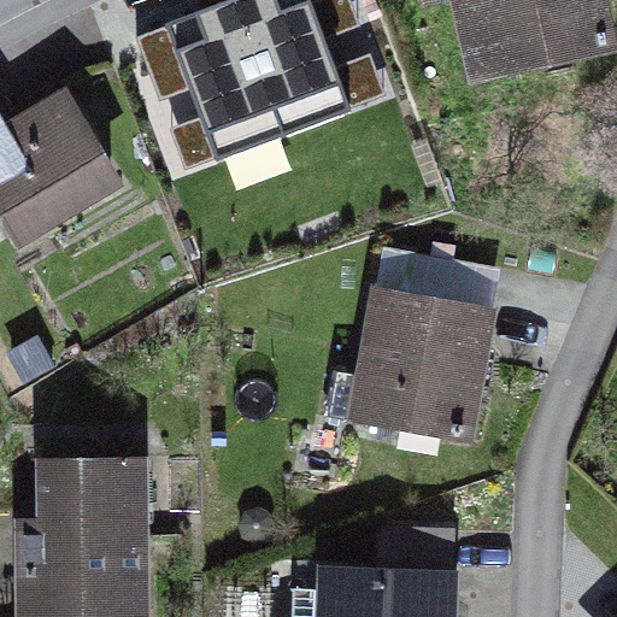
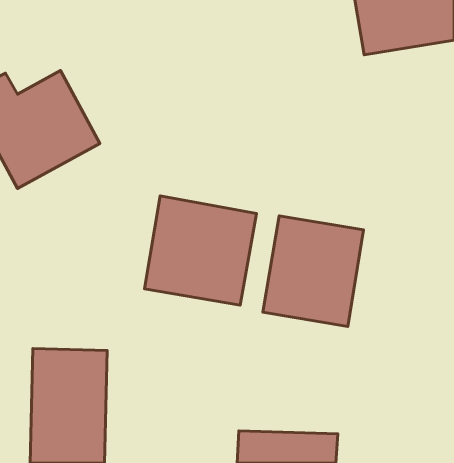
building: [151,8,319,161] -> none
building: none -> [144,196,257,305]

